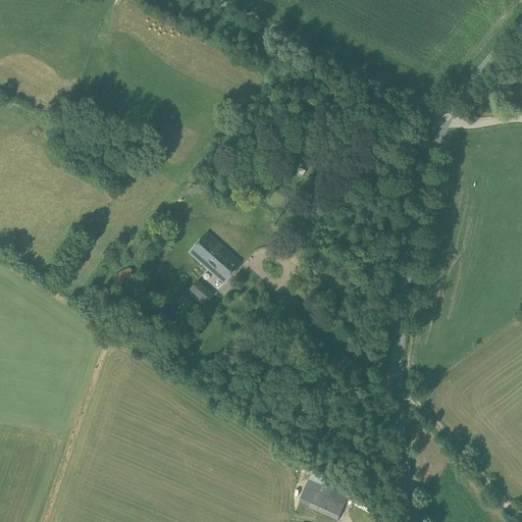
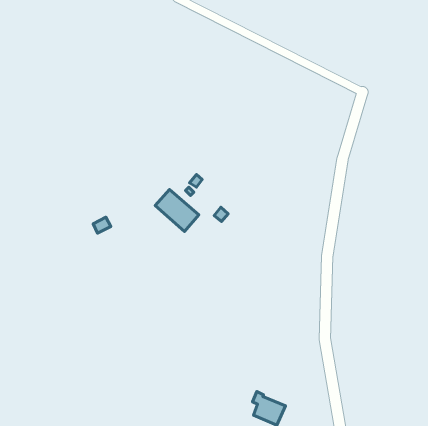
building: [186,277,215,305] -> none

